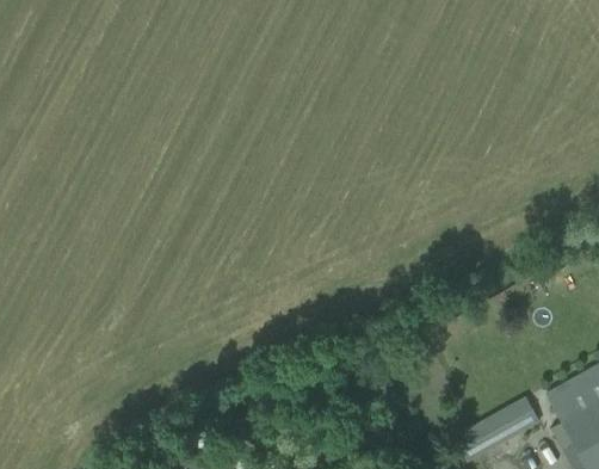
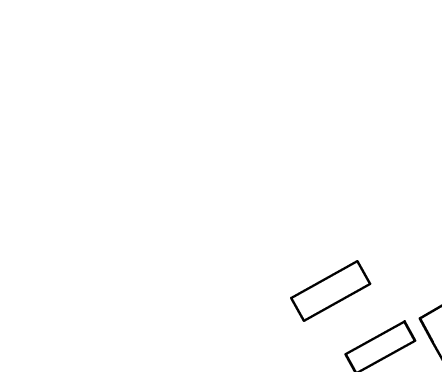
building: none -> [291,261,370,321]

